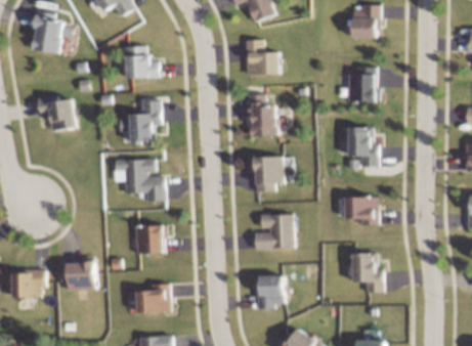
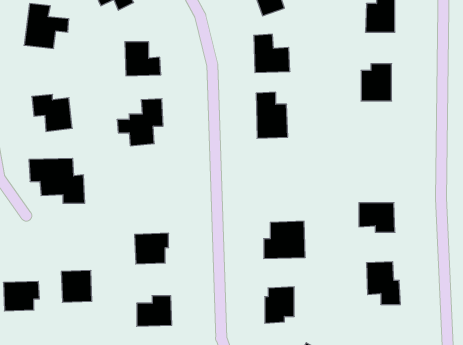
building: [347,126,377,166] -> none
building: [255,156,283,191] -> none
building: [113,159,165,201] -> [29,158,85,203]

